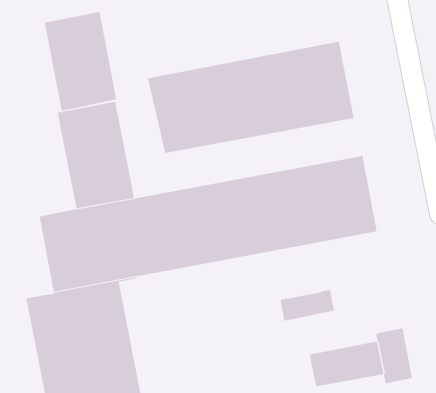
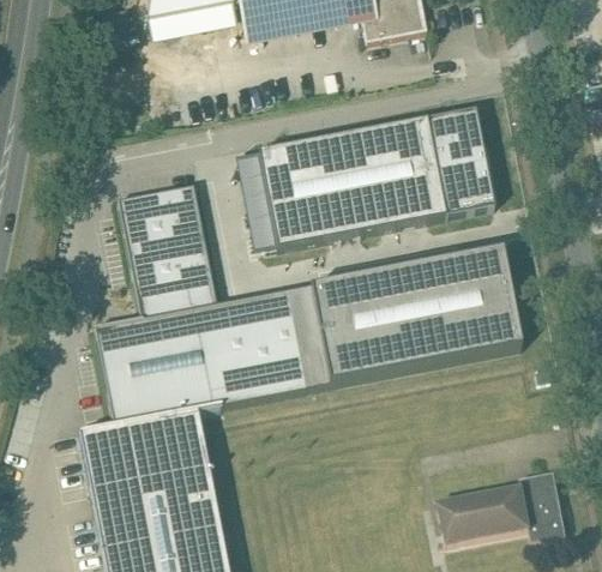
building: [44,11,117,112] -> none
building: [280,289,334,322] -> none

